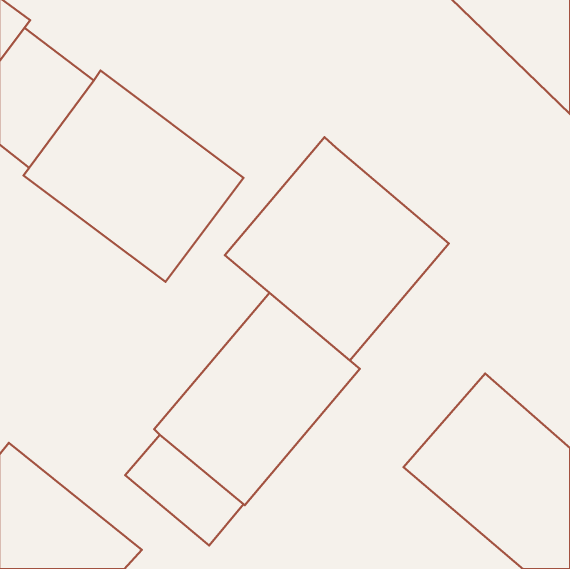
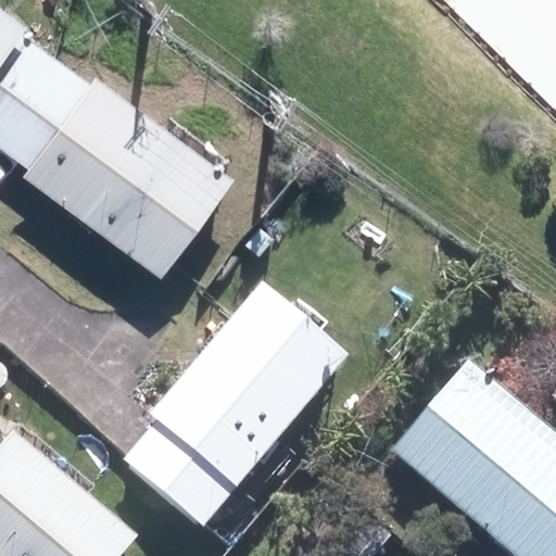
building: [225,137,449,361] -> none

